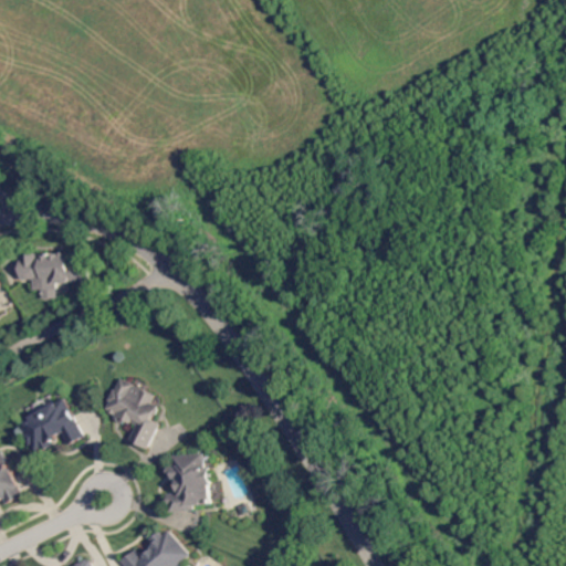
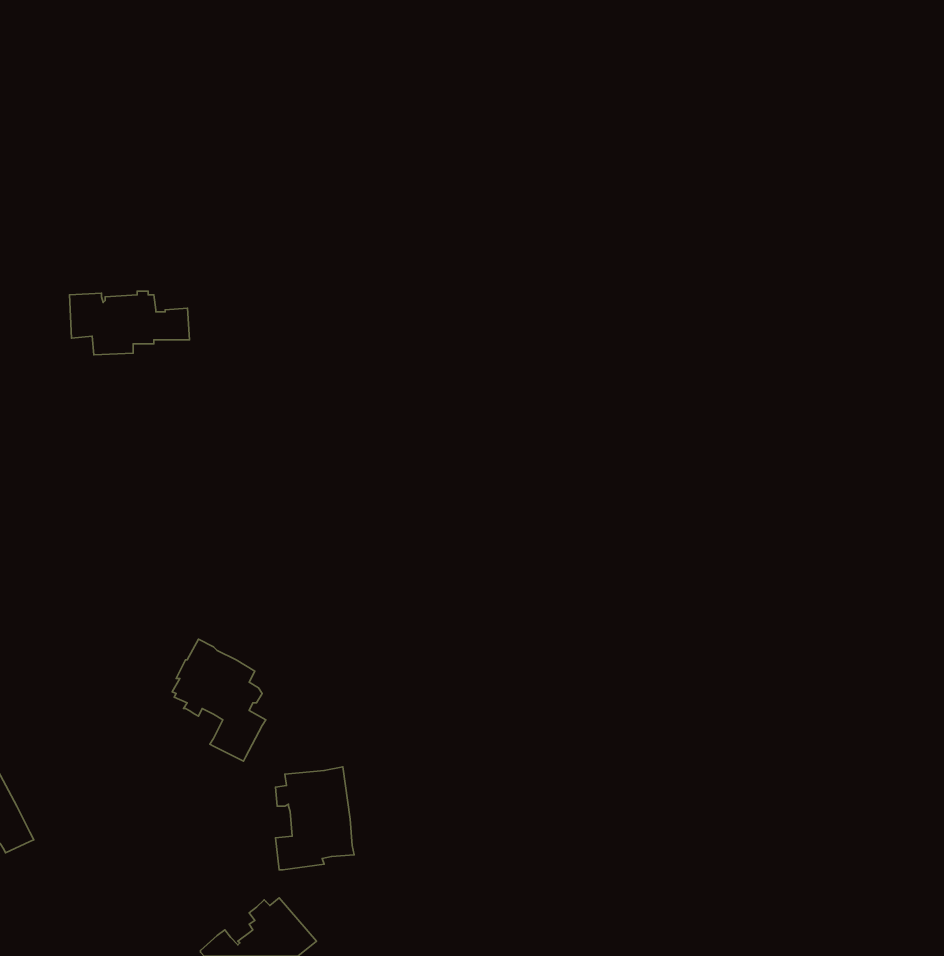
building: [15,252,86,290] -> [70,291,189,355]
building: [15,397,82,451] -> none

